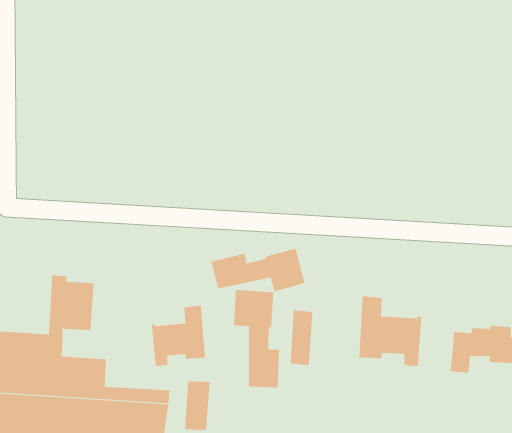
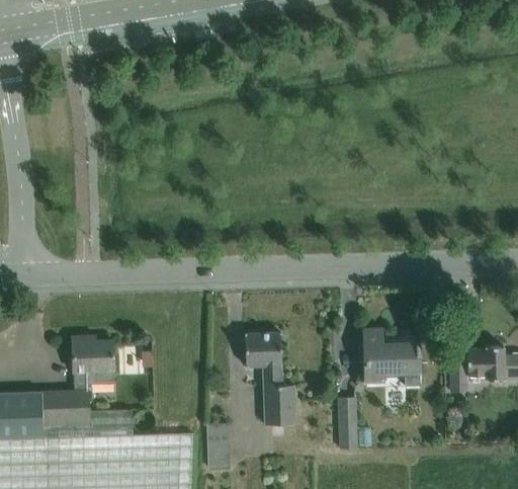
building: [211,248,305,292] -> none
building: [151,305,206,367] -> none
building: [290,310,313,366] -> [337,397,357,447]

